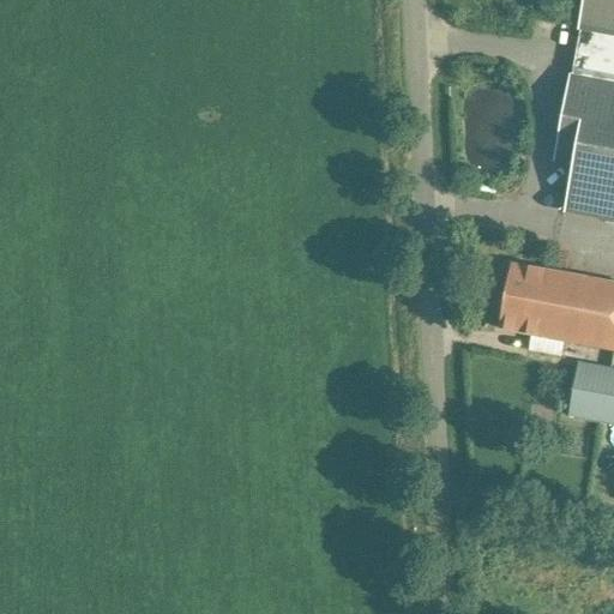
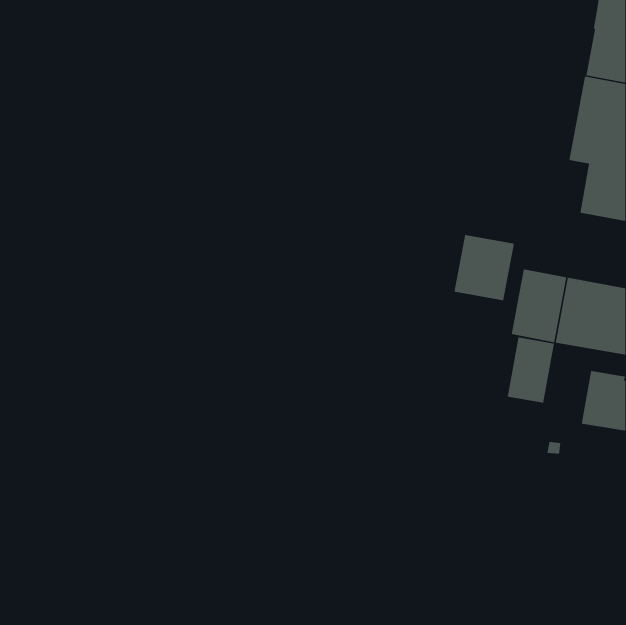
building: none -> [454,234,515,301]
building: none -> [507,337,555,404]

